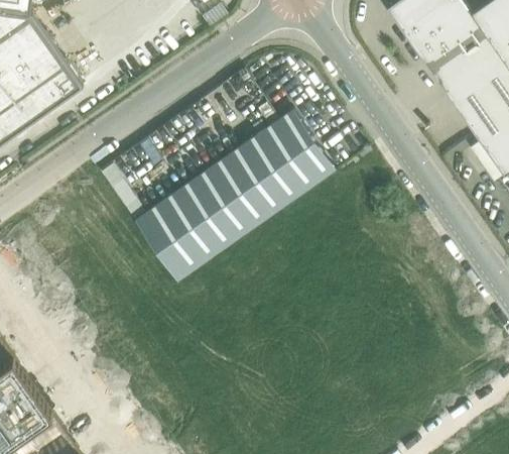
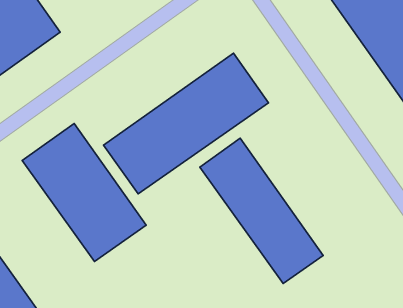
building: none -> [22,124,146,262]
building: none -> [200,138,323,284]

